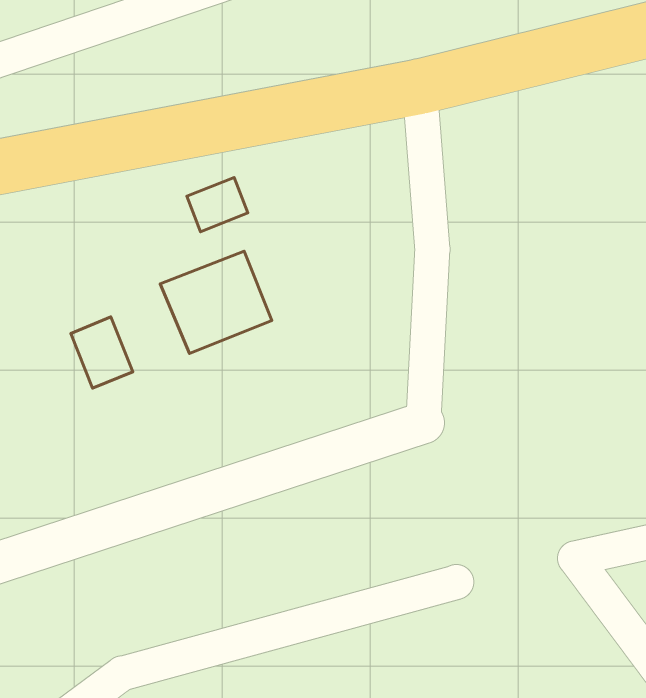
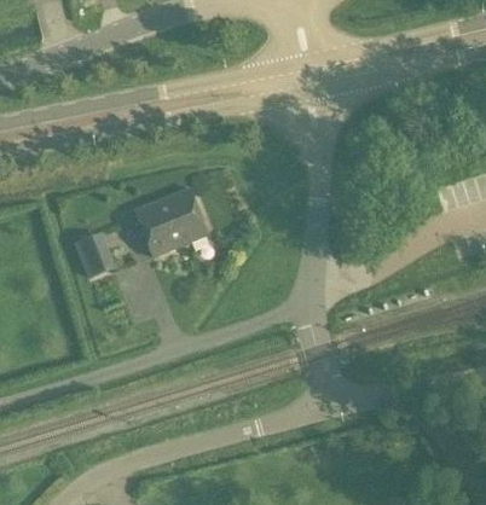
building: [187,178,248,232] -> none

